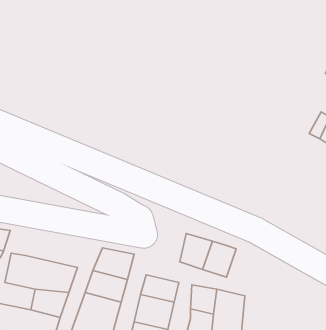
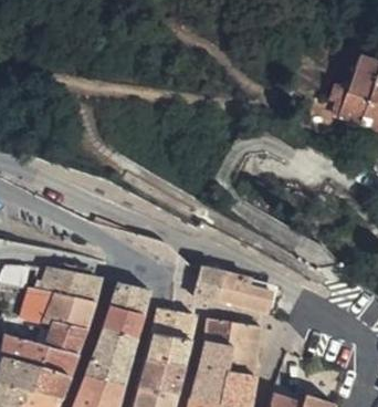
building: none -> [38,274,99,307]

